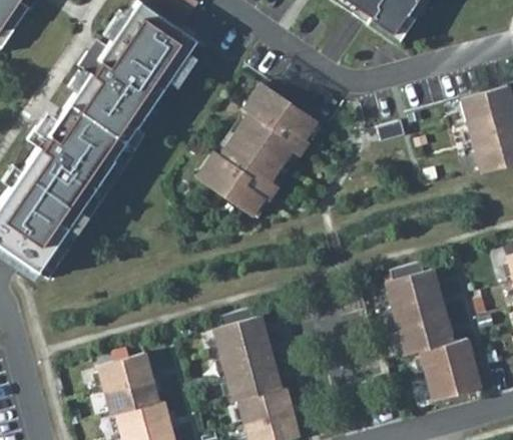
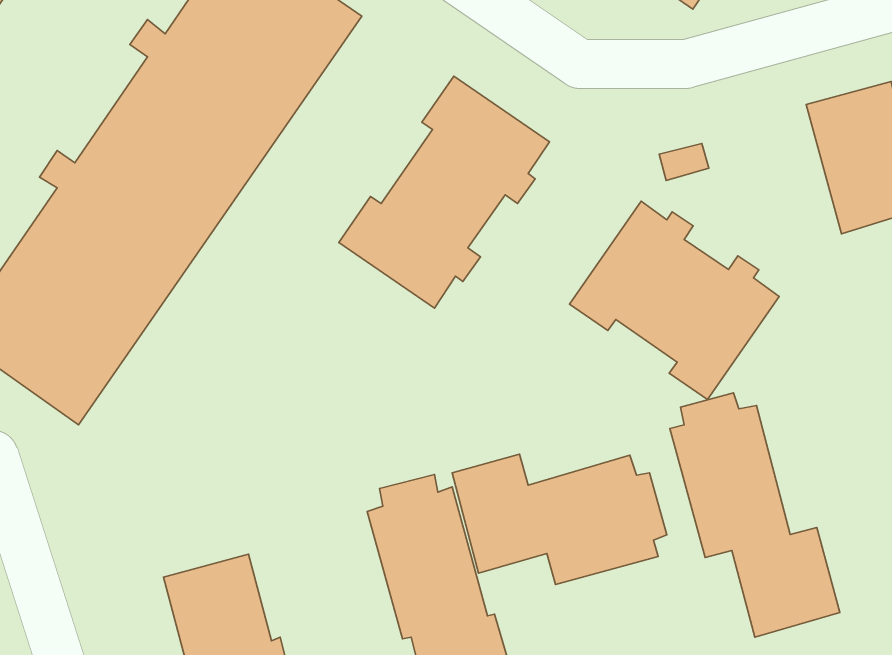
building: none -> [569,201,779,400]
building: none -> [452,454,667,585]

